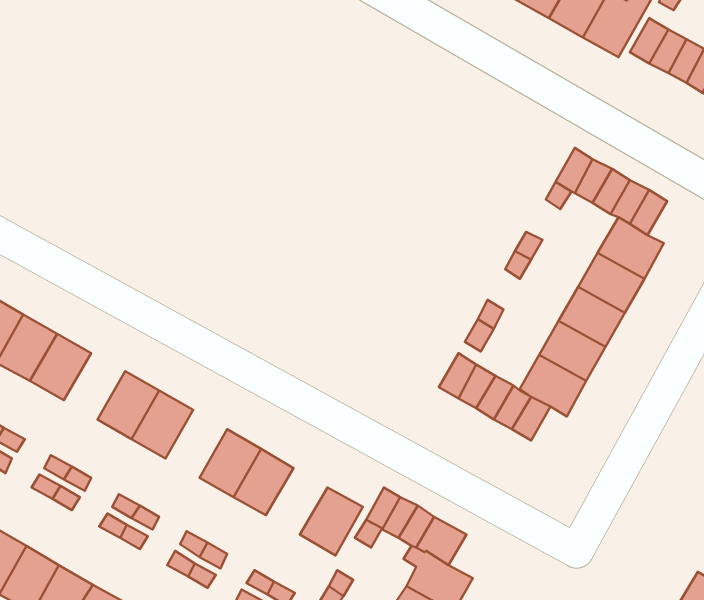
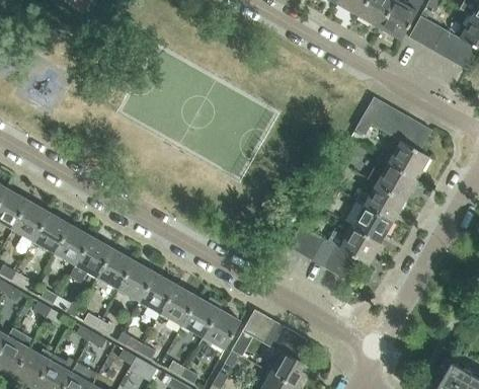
building: none -> [54,225,92,266]
building: none -> [117,260,156,303]
building: none -> [180,297,219,338]

